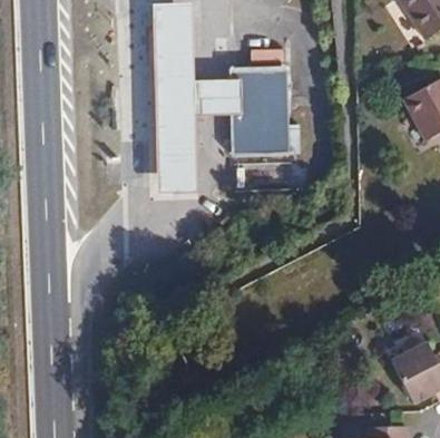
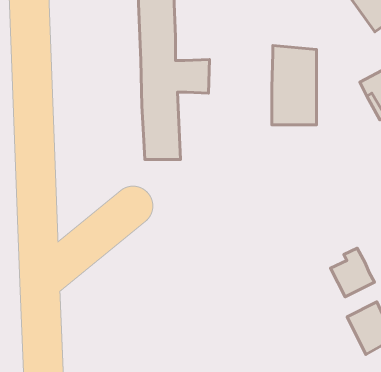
building: [236,62,286,152] -> [272,46,316,125]
building: none -> [331,248,374,297]

